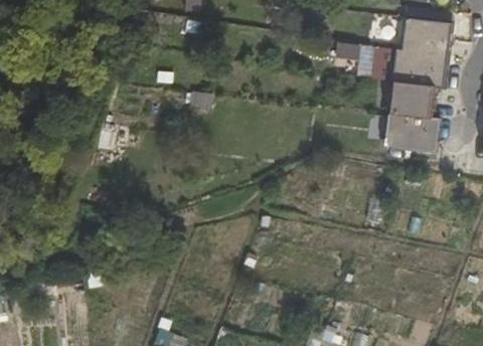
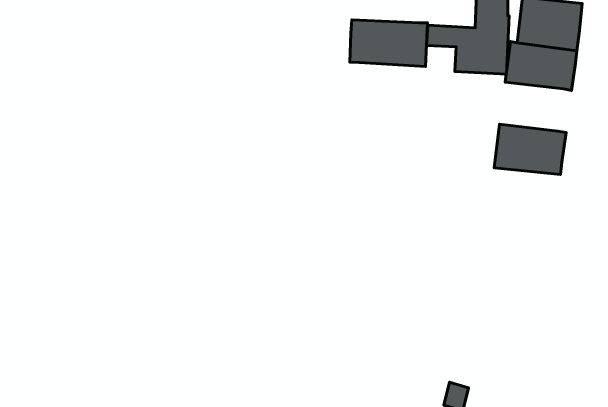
building: none -> [350,20,427,67]
building: [389,82,437,119] -> none

